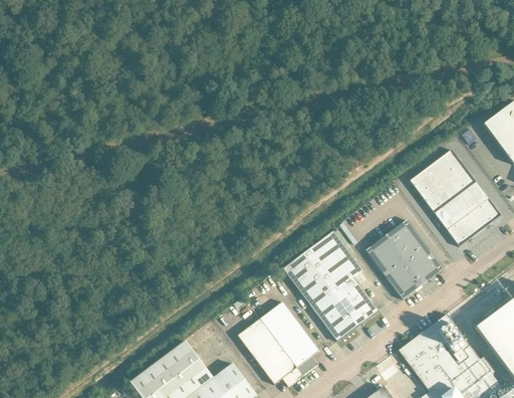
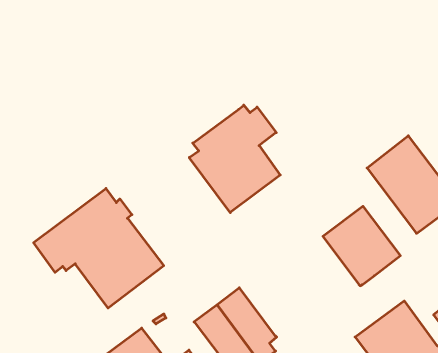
building: none -> [189,105,280,213]
building: none -> [34,188,164,308]
building: [283,230,377,341] -> none

